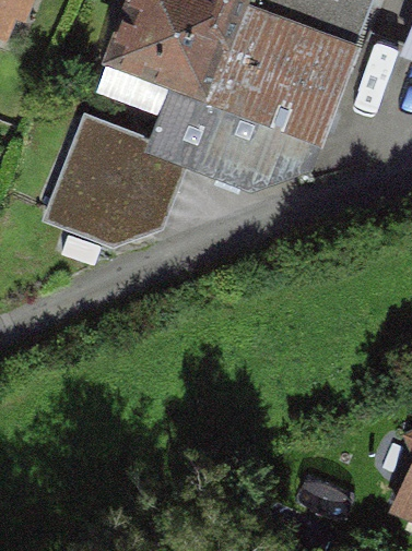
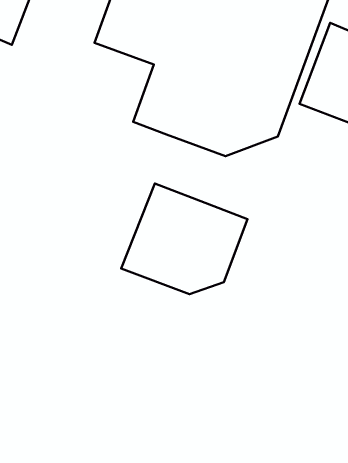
building: [47,119,187,241] -> [121,184,247,294]

